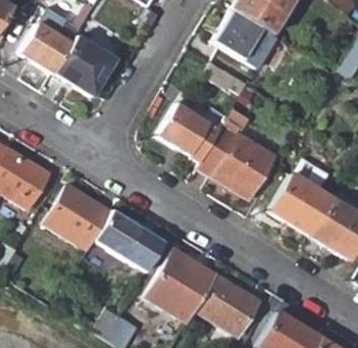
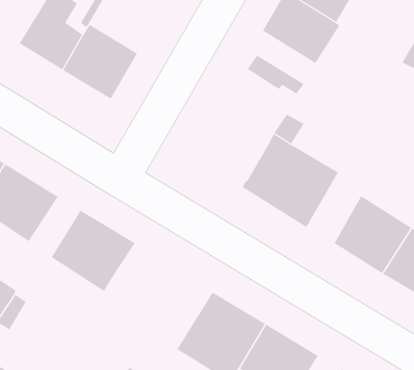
building: [158,104,220,161] -> none
building: [95,211,157,266] -> none

